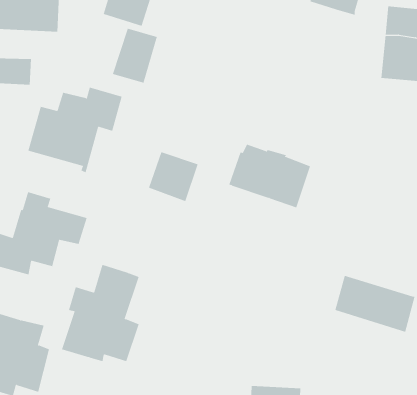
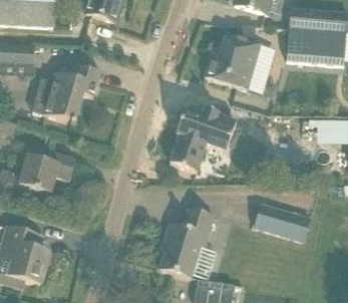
building: [112,28,157,84] -> none
building: none -> [205,33,262,89]
building: [148,151,198,202] -> [169,136,206,173]
building: [61,264,139,362] -> [159,208,216,278]

